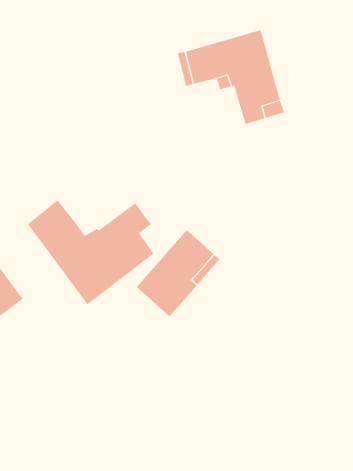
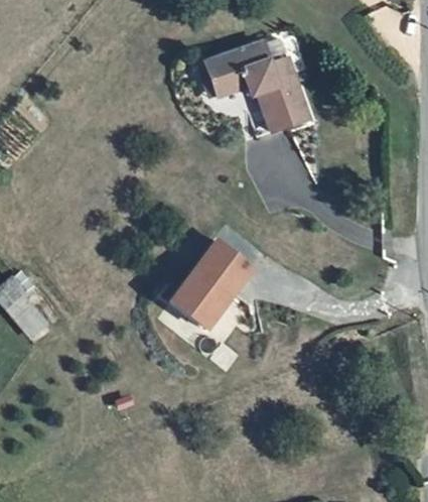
building: [27,200,154,305] -> none

